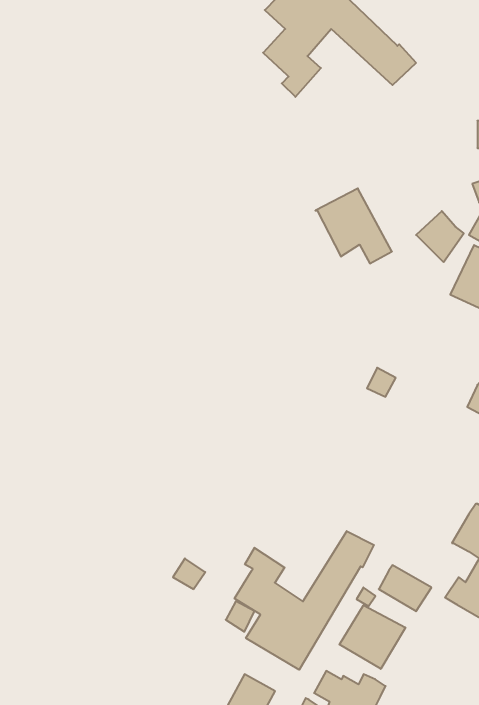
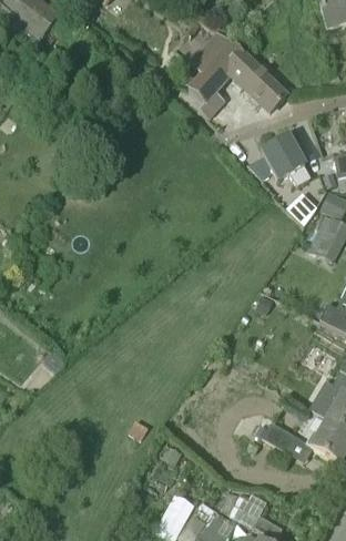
building: [315,188,392,263] -> [261,135,311,184]
building: [235,531,374,670] -> none
building: [339,605,405,669] -> none

